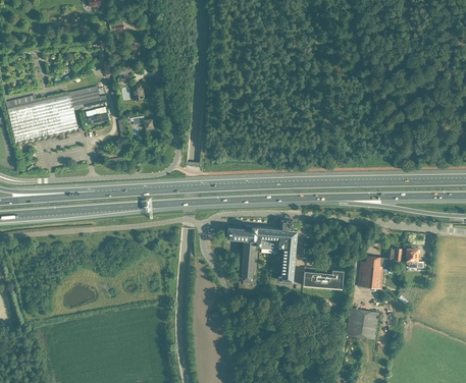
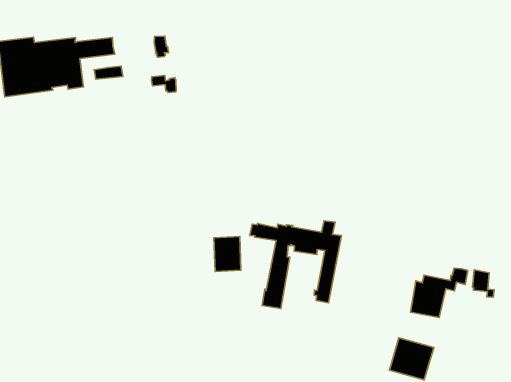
building: none -> [214,236,241,272]
building: [303,267,343,288] -> none

